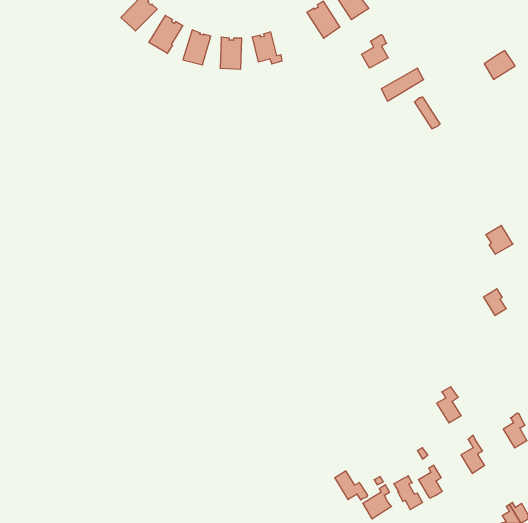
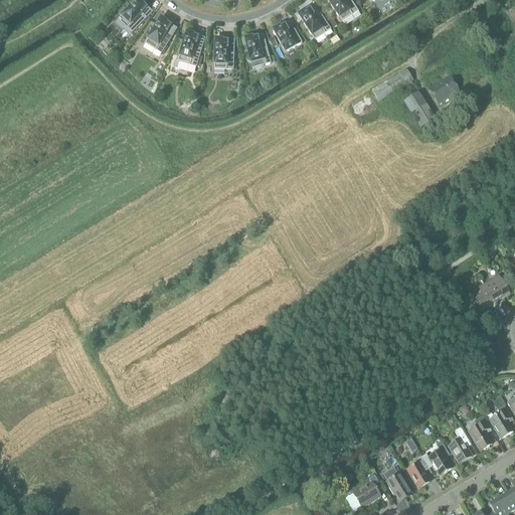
building: none -> [274,18,303,49]
building: [362,35,388,68] -> none
building: [484,51,515,79] -> [428,73,459,102]
building: [486,225,513,254] -> [484,273,510,301]
building: [437,387,461,423] -> [469,413,493,449]
building: none -> [428,439,452,474]
building: [335,471,368,500] -> none

